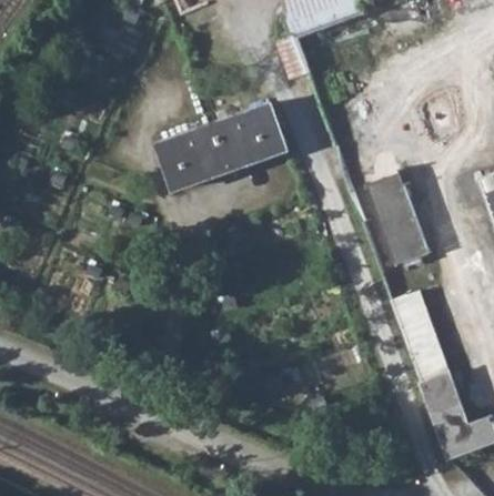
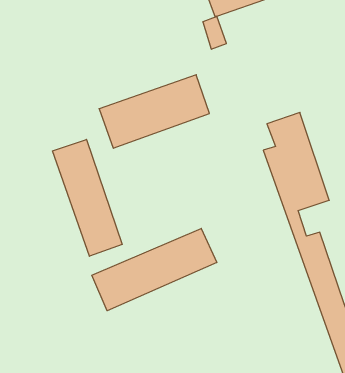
building: none -> [53,139,122,256]
building: none -> [92,228,217,311]

